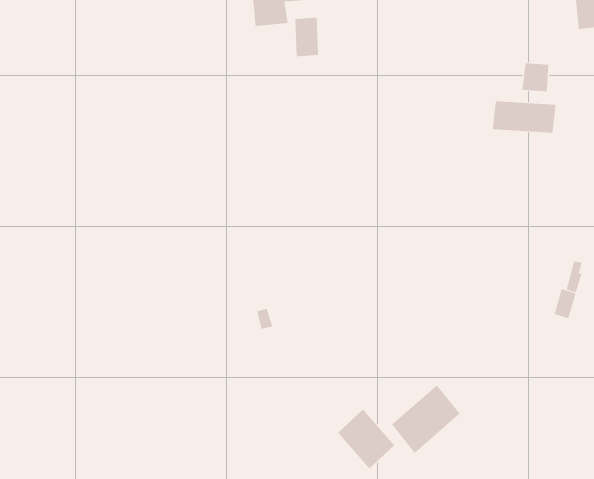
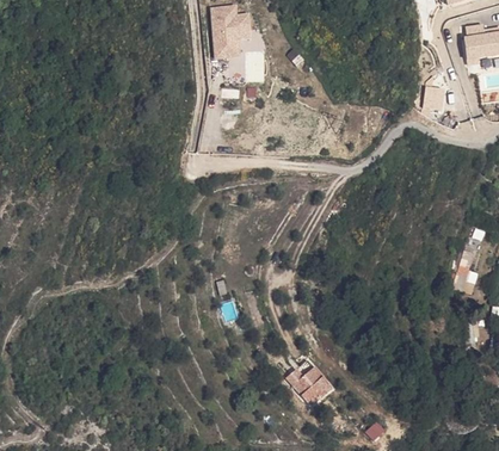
building: [492,101,556,134] -> none
building: [391,384,461,454] -> none

